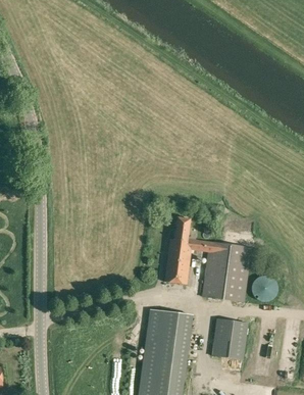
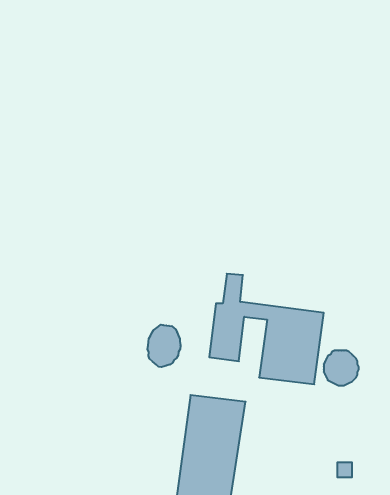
building: none -> [148,325,180,367]
building: [211,319,248,361] -> none

